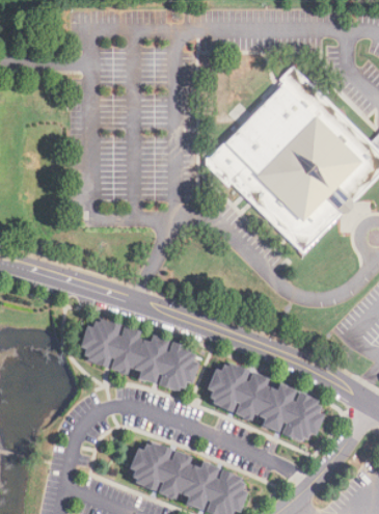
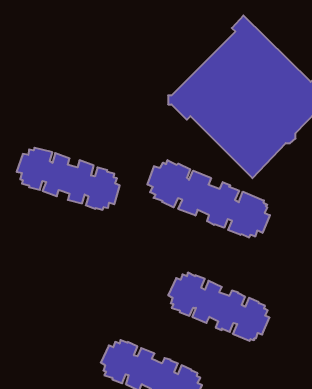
building: none -> [147,160,270,238]
building: [79,319,198,390] -> [17,148,120,210]

